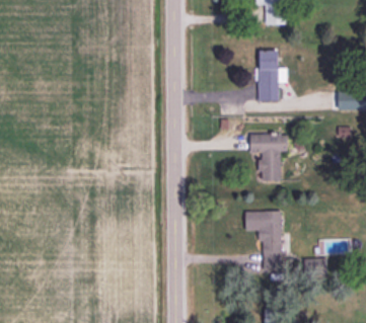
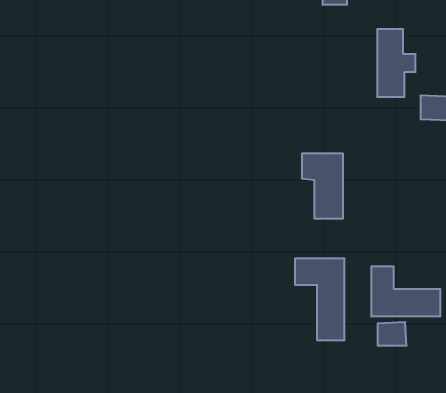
building: [259,51,287,100] -> [377,29,416,97]
building: none -> [371,266,440,317]

